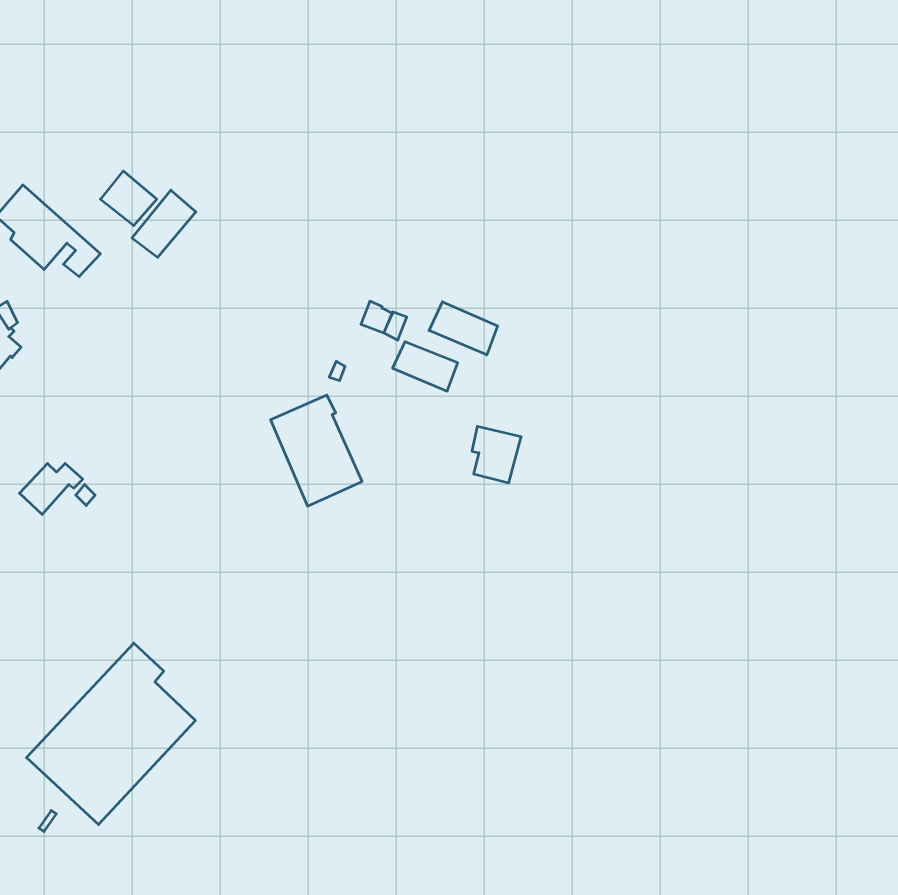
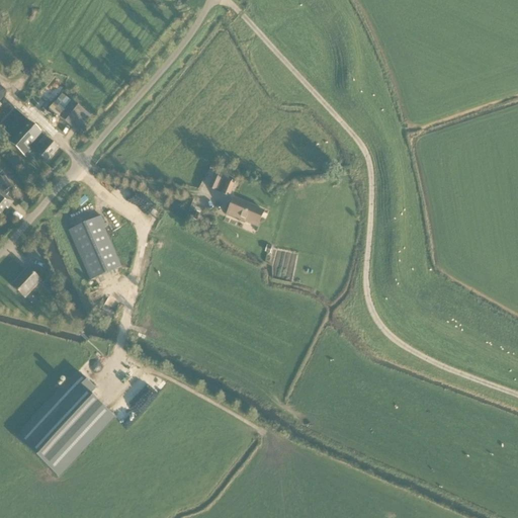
building: [132,190,196,257] -> none
building: [429,302,498,355] -> none
building: [271,395,362,506] -> [68,214,120,278]

